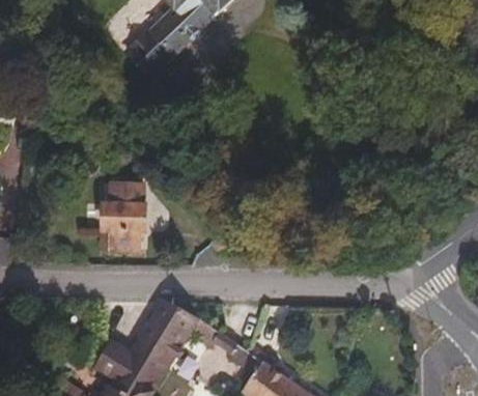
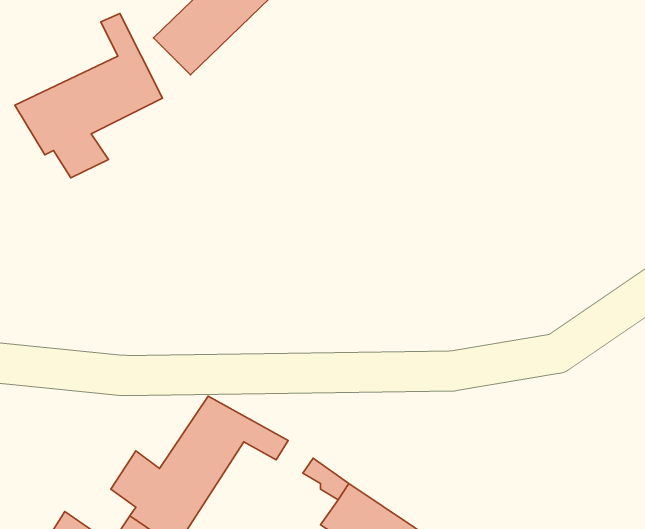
building: none -> [15,13,163,178]
building: [104,186,144,251] -> none

